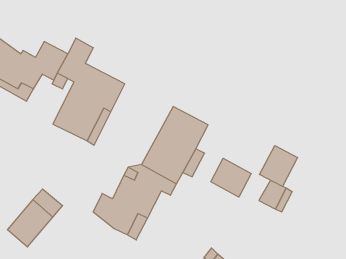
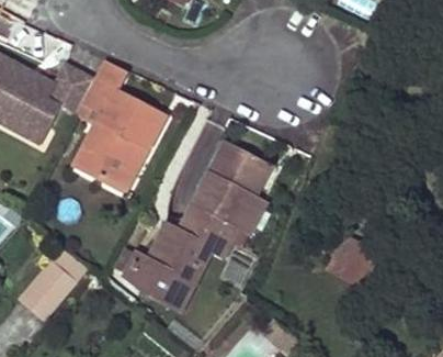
building: [260,146,298,186] -> none
building: [211,158,251,197] -> none

